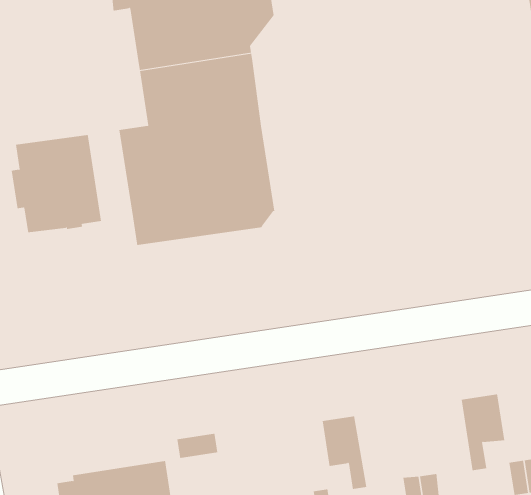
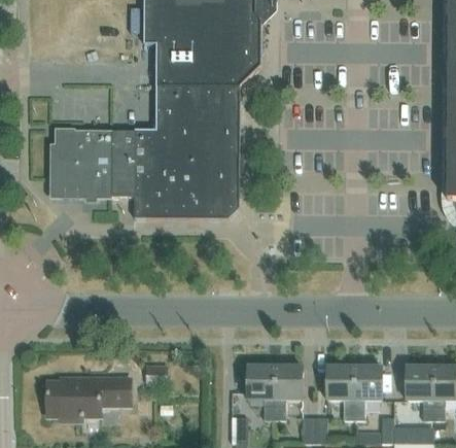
building: none -> [111,130,134,195]
building: none -> [328,366,353,419]
building: none -> [274,366,303,419]

